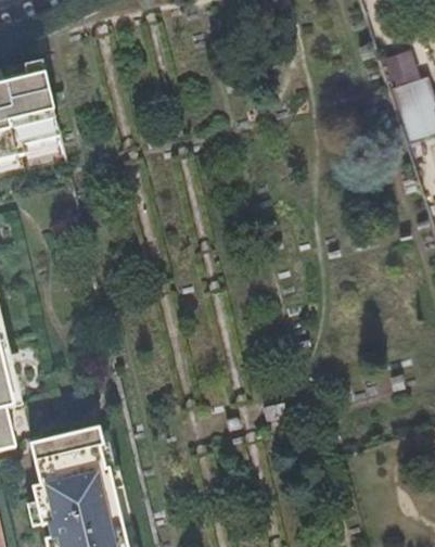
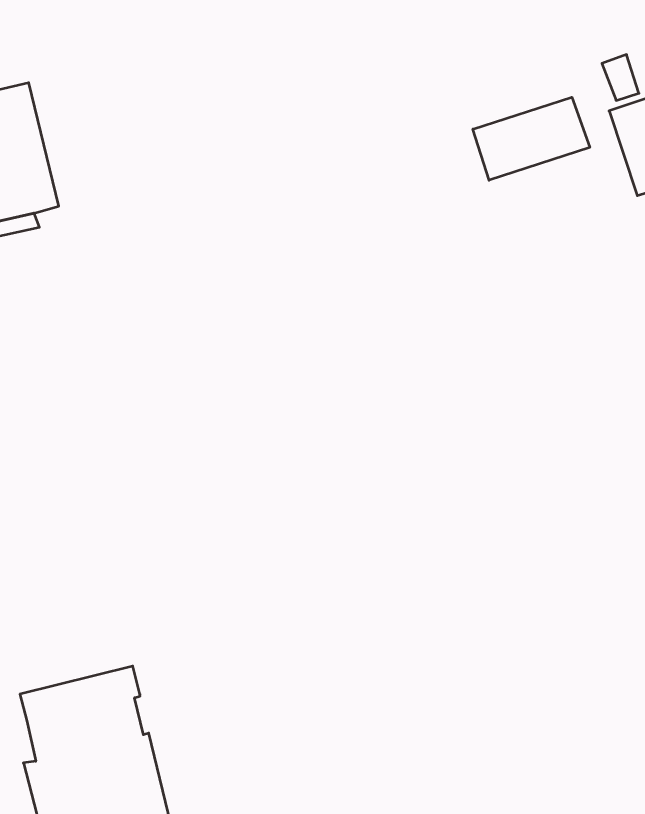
building: none -> [473,97,590,180]

